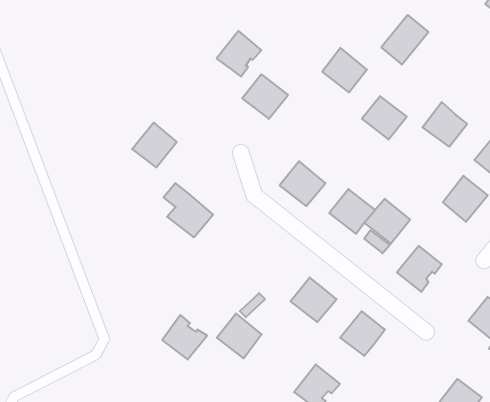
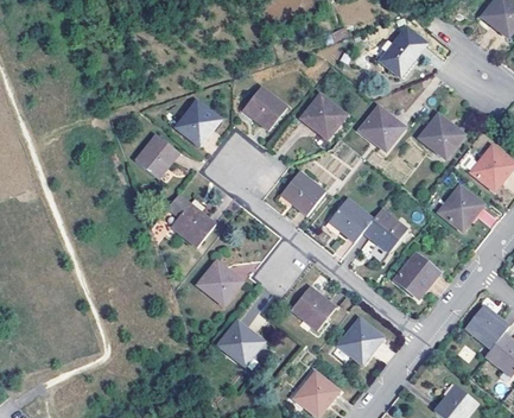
building: [217,31,261,77] -> [176,100,220,145]
building: [322,48,367,92] -> [302,94,345,138]
building: [162,315,207,360] -> [197,259,241,303]

